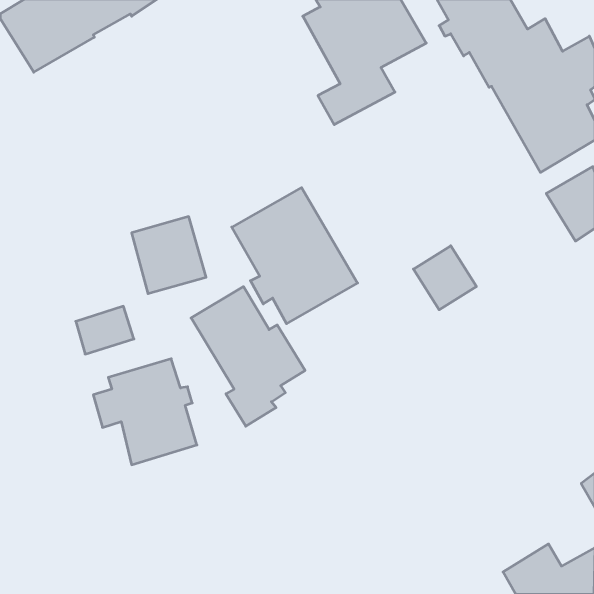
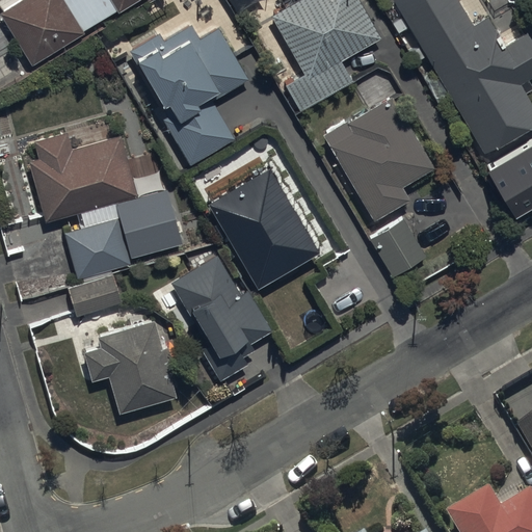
building: none -> [130,23,248,165]
building: none -> [323,97,433,220]
building: none -> [29,132,137,222]
building: none -> [65,218,131,280]

